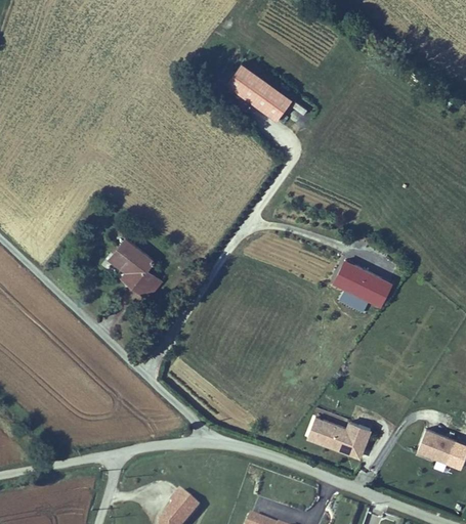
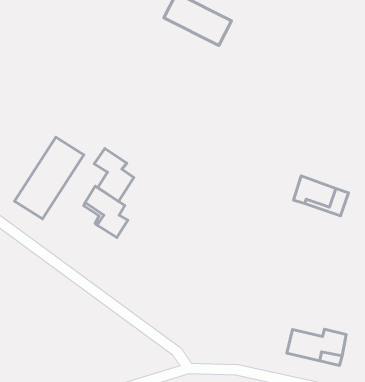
building: none -> [15,137,84,219]
building: none -> [94,148,134,201]

